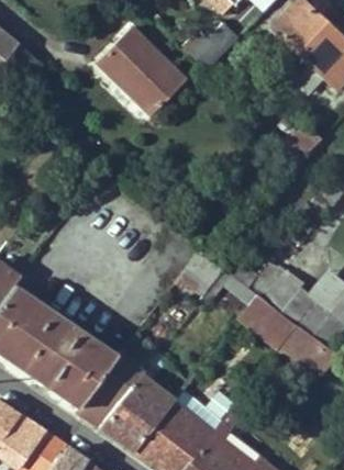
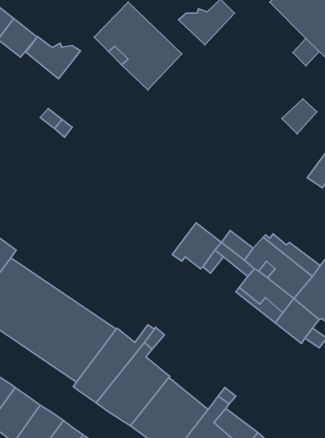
building: none -> [26,37,81,79]

